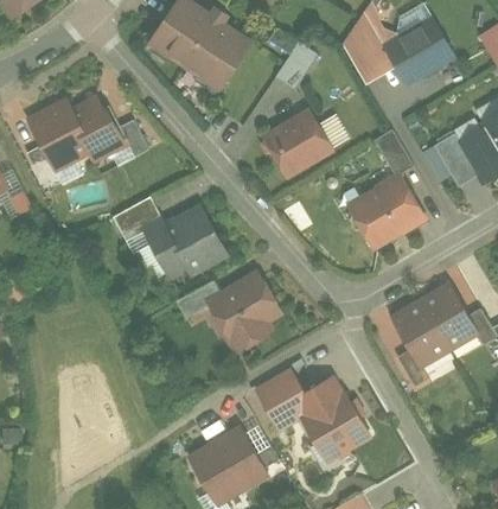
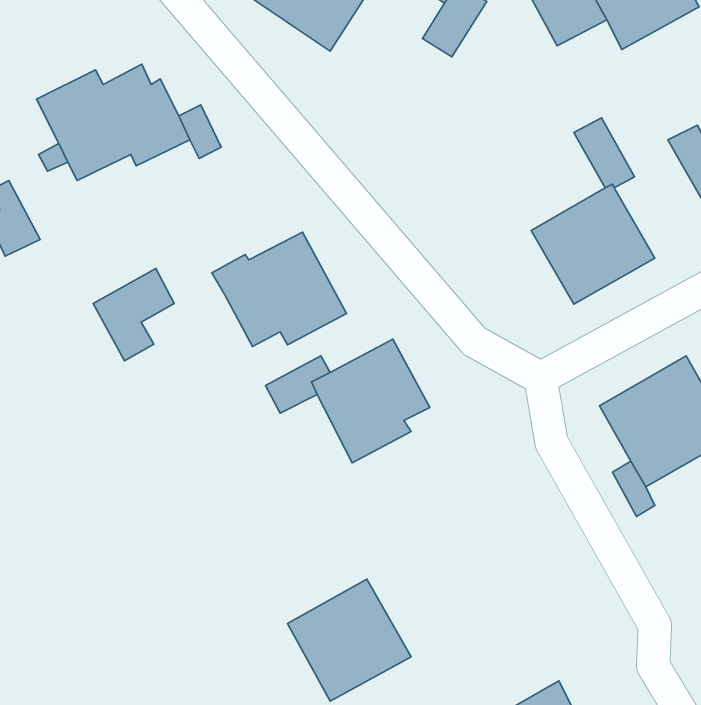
building: [260,107,333,177] -> none
building: [110,195,162,254] -> [93,269,174,361]
building: [256,370,374,463] -> none

